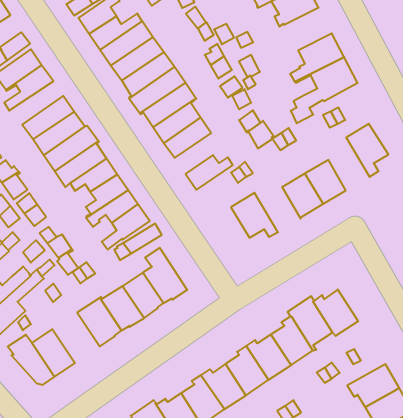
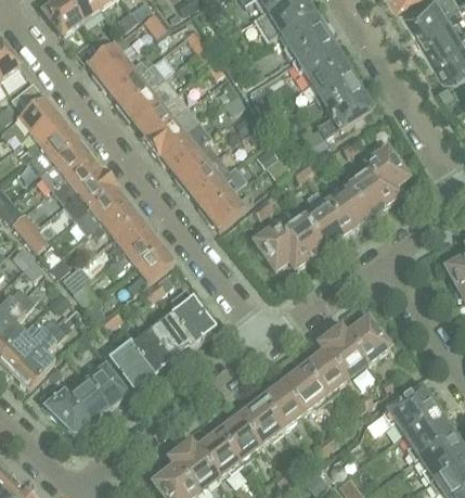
building: none -> [292,36,343,80]
building: none -> [25,128,78,174]
building: none -> [194,169,234,212]
building: none -> [348,164,390,217]
building: none -> [276,218,324,264]
building: none -> [83,358,129,409]

